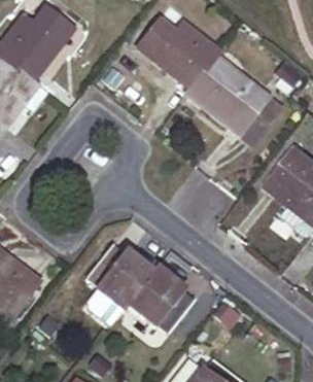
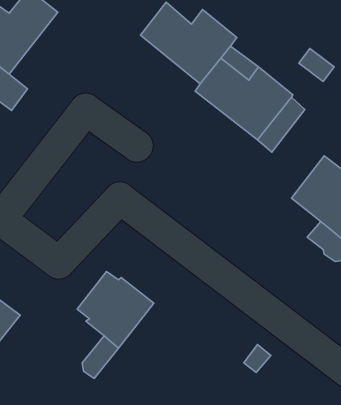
building: [127,268,193,332] -> none

